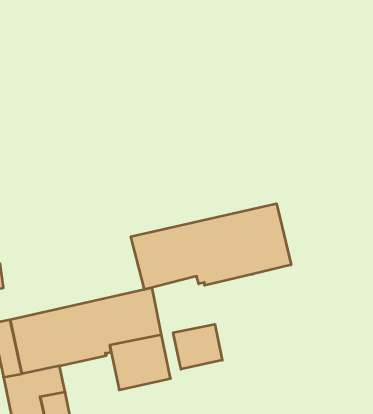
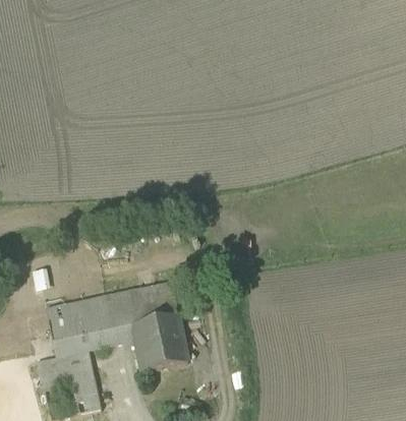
building: [131,204,291,290] -> none
building: [173,324,222,369] -> none

